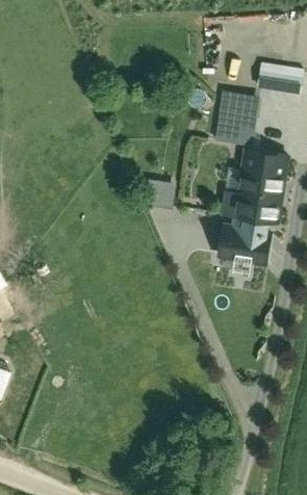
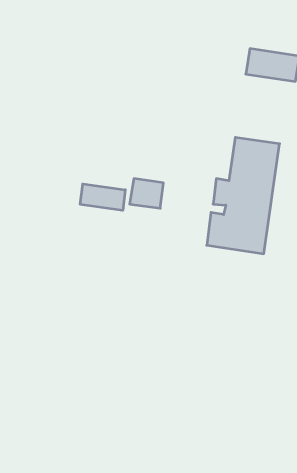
building: [214,88,260,144] -> none
building: none -> [80,184,125,210]

